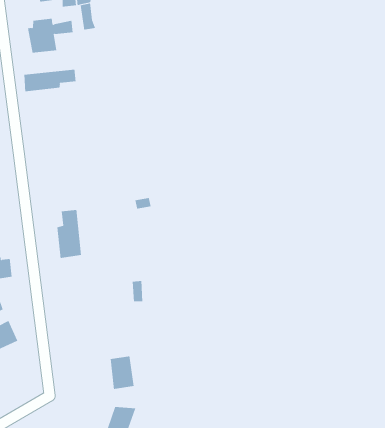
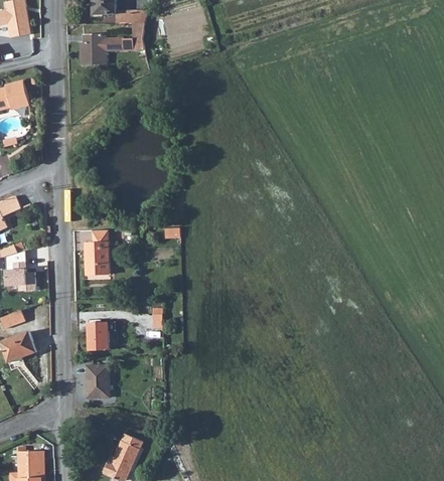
building: [24,69,76,92] -> none
building: none -> [86,324,106,351]
building: [110,356,134,389] -> [88,365,109,396]

